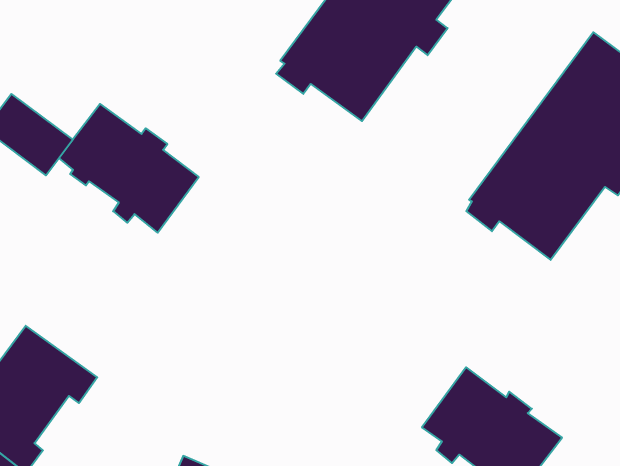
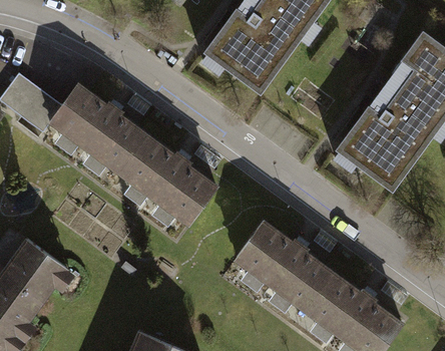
building: none -> [118,133,217,224]
building: none -> [237,218,335,309]

